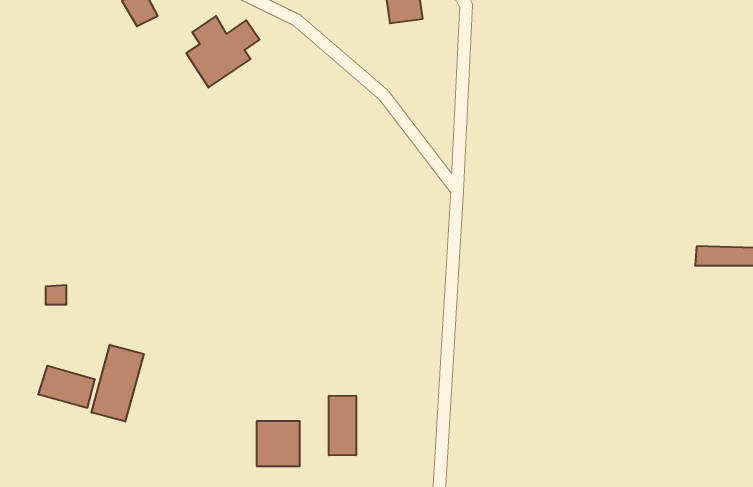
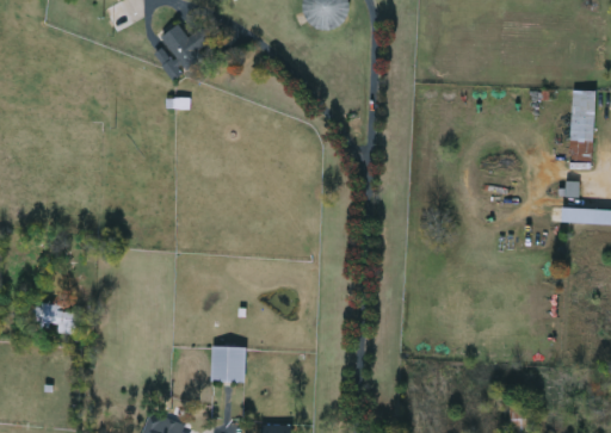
building: none -> [570,88,595,160]
building: [91,345,144,422] -> none
building: [329,396,356,455] -> none

